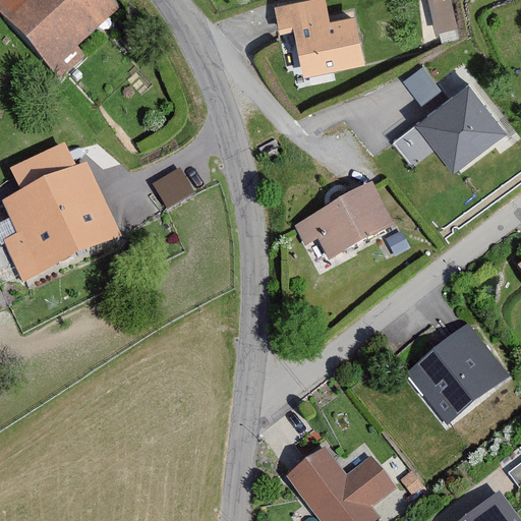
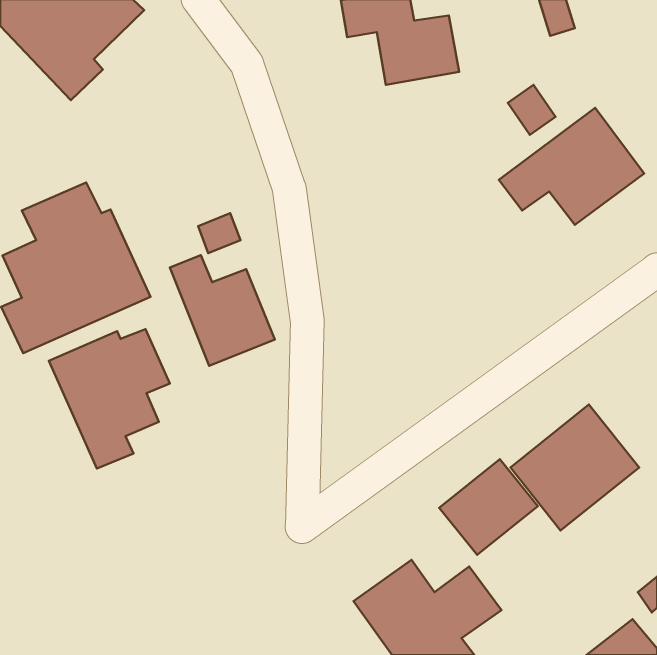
building: [293,183,398,262] -> none
building: none -> [170,255,275,366]
building: none -> [49,329,170,469]
building: none -> [439,459,538,555]

